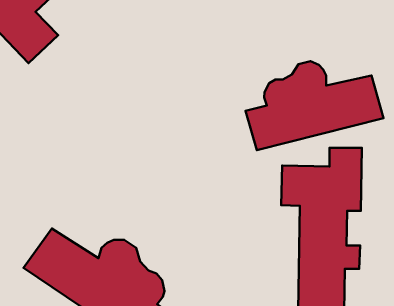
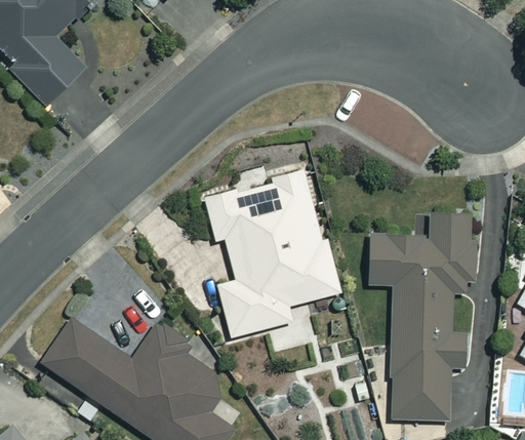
building: [245,61,383,150] -> none
building: none -> [203,168,339,336]

